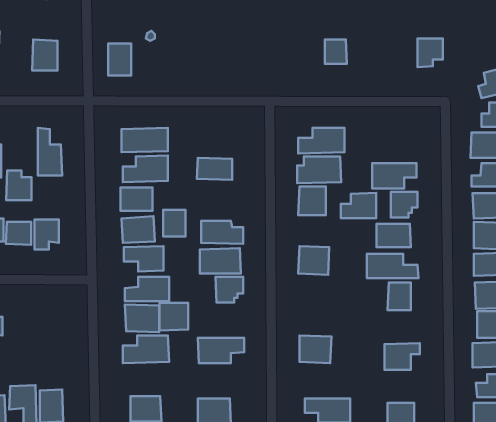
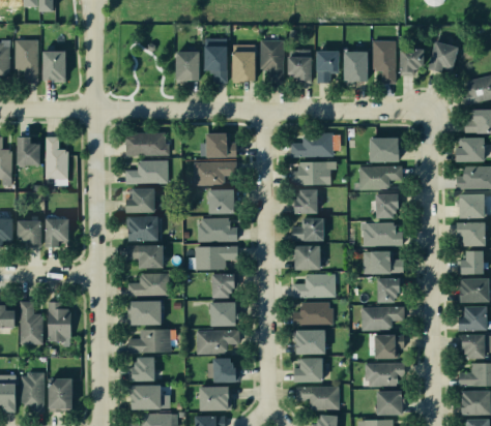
building: none -> [204,39,226,70]
building: none -> [17,40,40,83]
building: none -> [372,40,396,84]
building: none -> [426,40,456,71]
building: none -> [261,47,283,82]
building: none -> [230,51,255,81]
building: none -> [343,52,367,82]
building: [108,44,131,76] -> [175,51,197,81]
building: none -> [289,57,310,77]
building: none -> [204,133,228,156]
building: none -> [369,136,399,162]
building: [6,170,31,200] -> [19,136,42,164]
building: [341,193,376,218] -> [291,217,324,241]
building: [163,210,185,236] -> [211,187,232,212]
building: none -> [295,274,338,297]
building: [159,303,188,331] -> [209,302,236,328]
building: none -> [49,298,70,341]
building: none -> [21,302,45,345]
building: none -> [294,302,333,326]
building: none -> [364,306,406,330]
building: none -> [291,358,323,382]
building: none -> [127,359,156,382]
building: none -> [209,359,236,381]
building: none -> [367,364,403,387]

